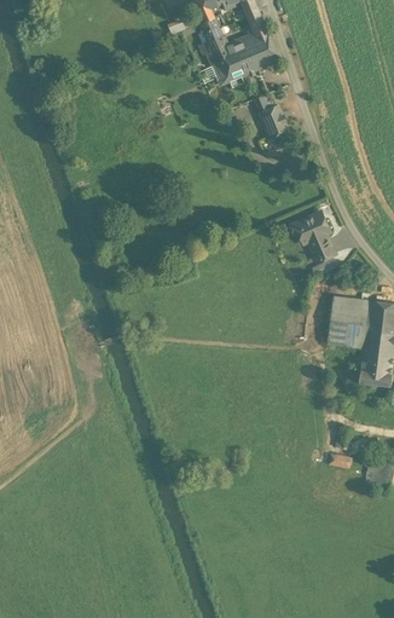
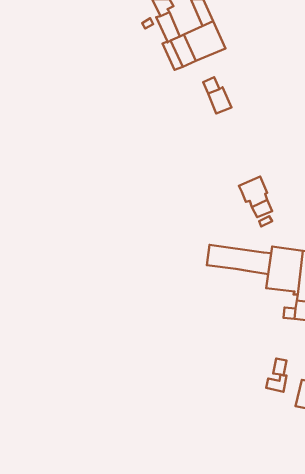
building: none -> [207,245,271,274]

